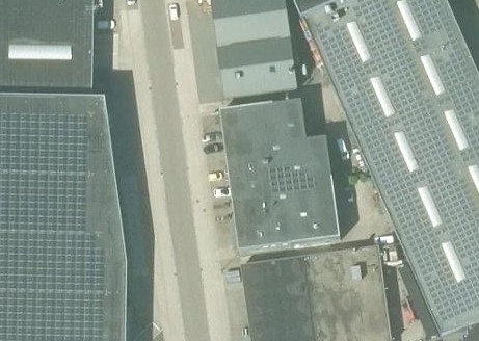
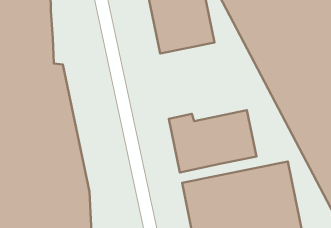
building: [221,98,331,184] -> none

